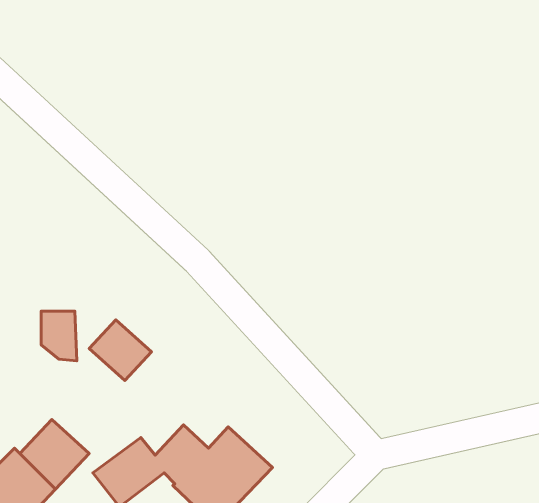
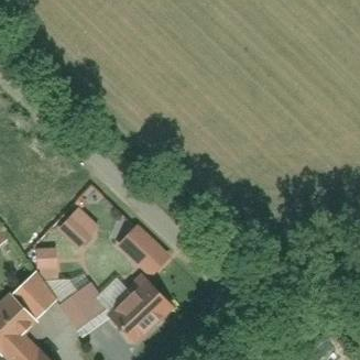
building: [41,311,77,361] -> [36,249,58,280]
building: none -> [117,223,175,282]

